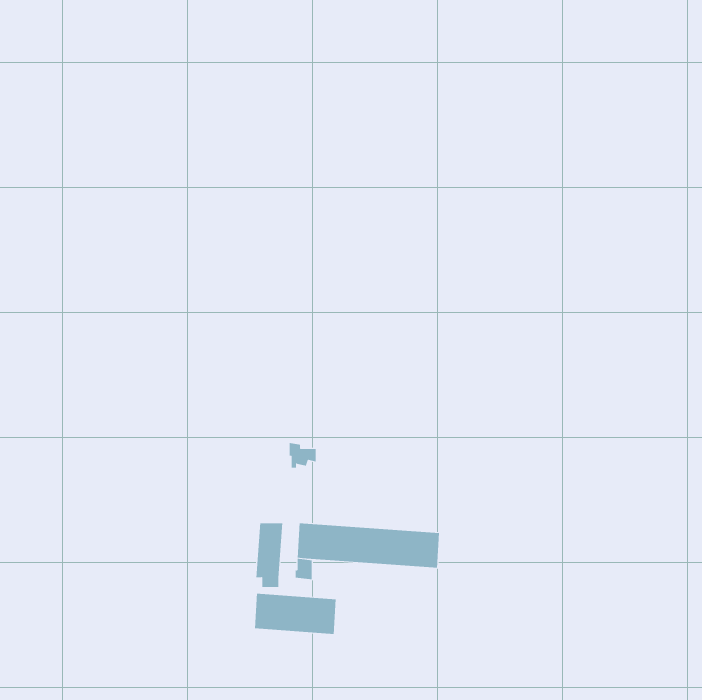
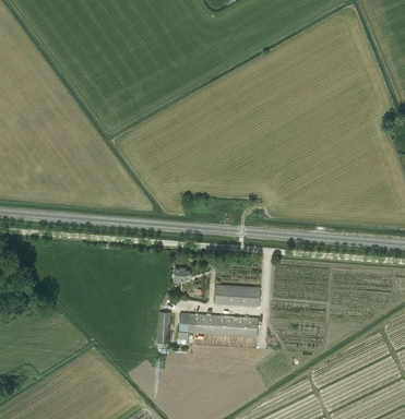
building: [254,593,336,634] -> [214,284,260,307]

